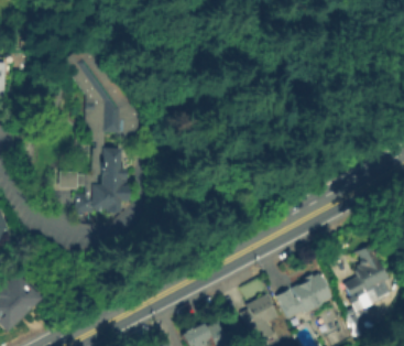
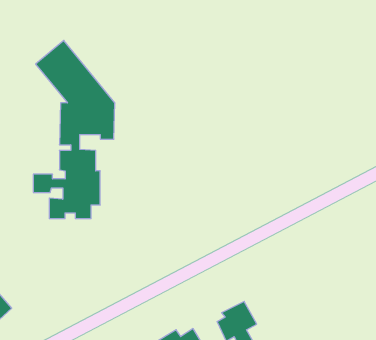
building: [340,246,390,304] -> none
building: [276,274,331,318] -> none

